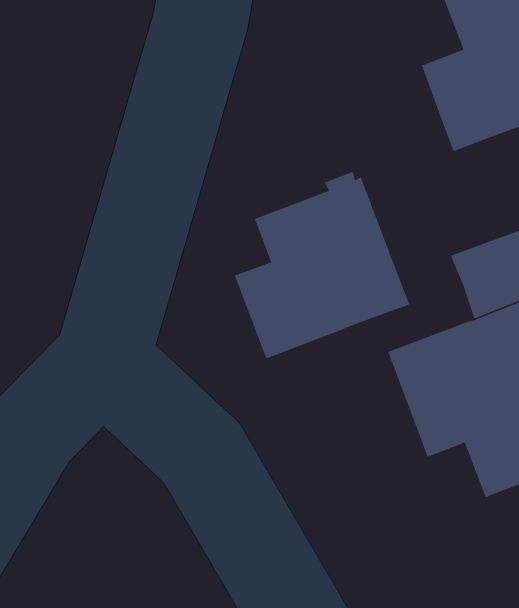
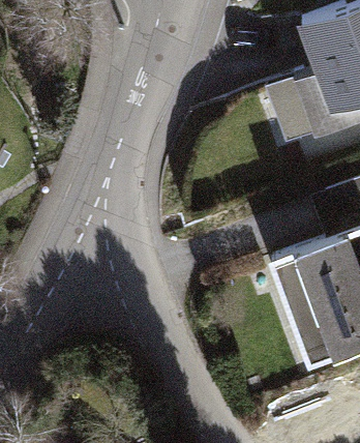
building: [234,171,410,359] -> none

